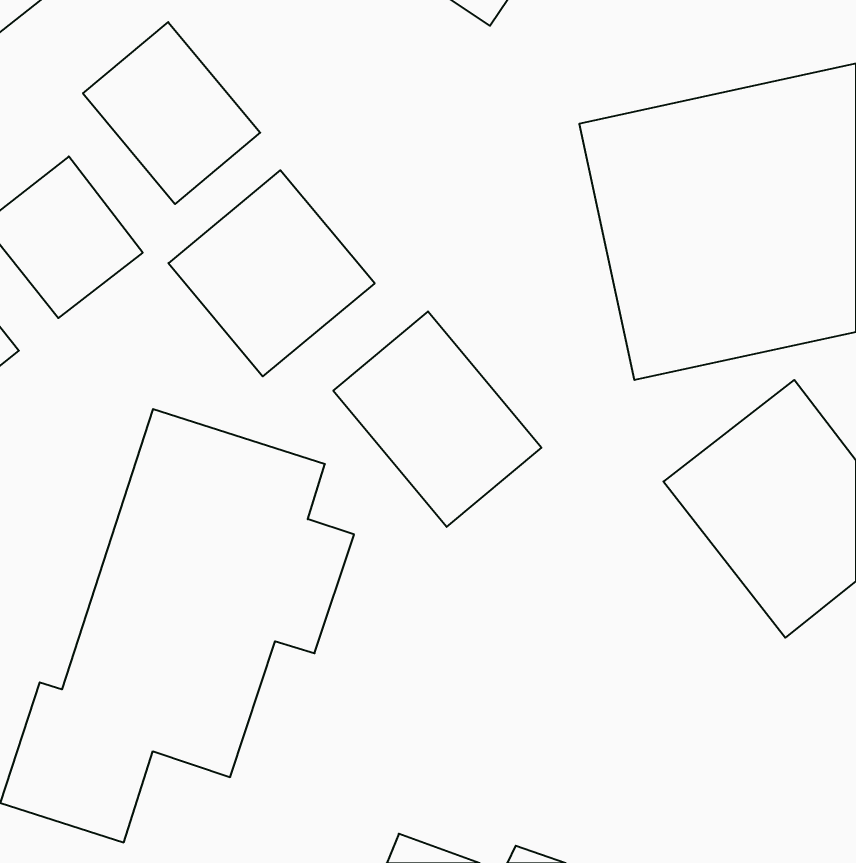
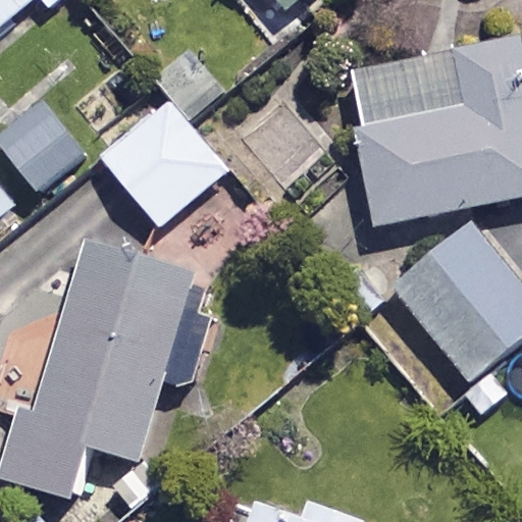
building: [83,22,260,204] -> none
building: [333,311,541,527] -> none

